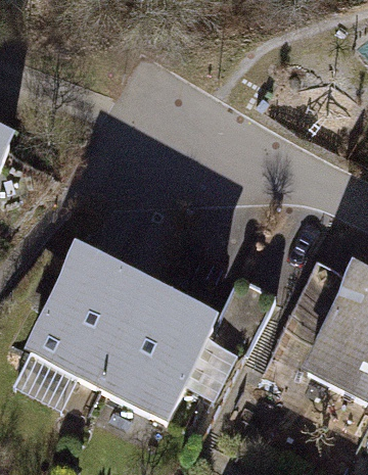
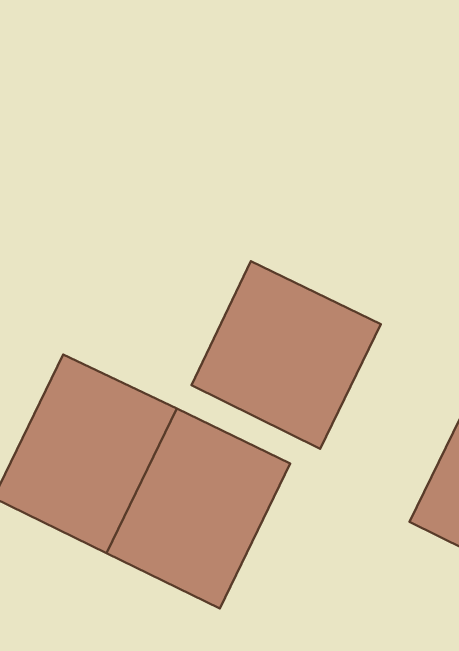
building: none -> [191,261,381,449]

